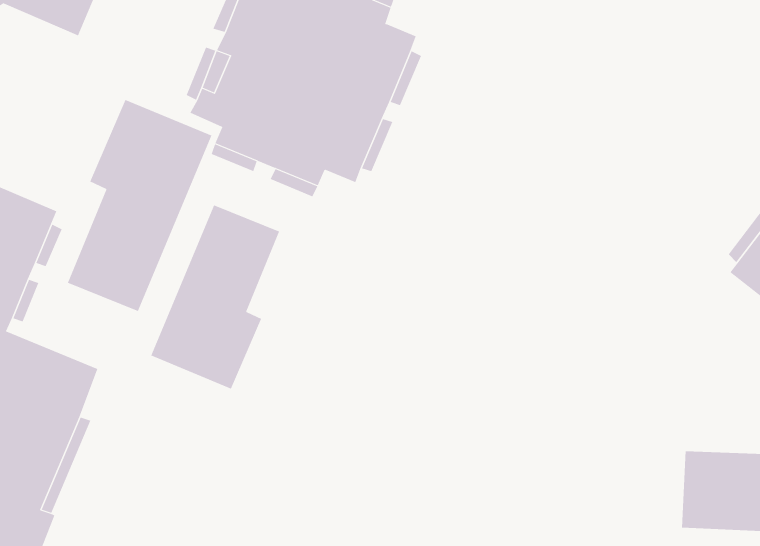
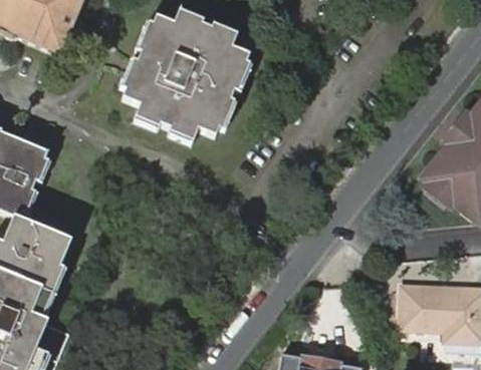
building: [67,99,212,312] -> none
building: [150,204,280,389] -> none

